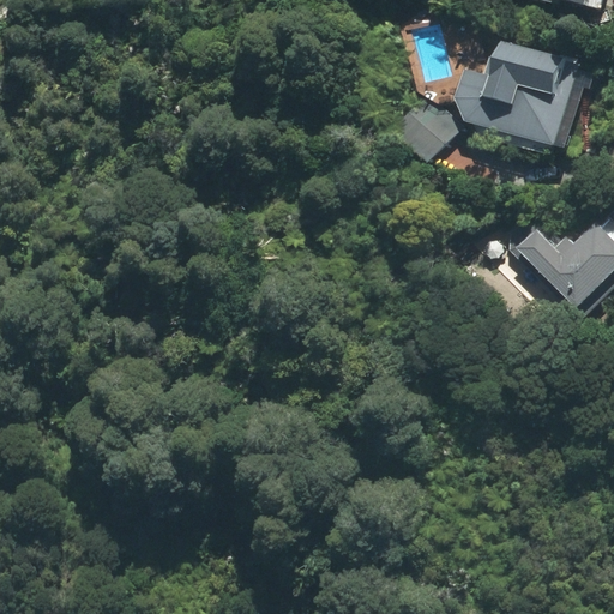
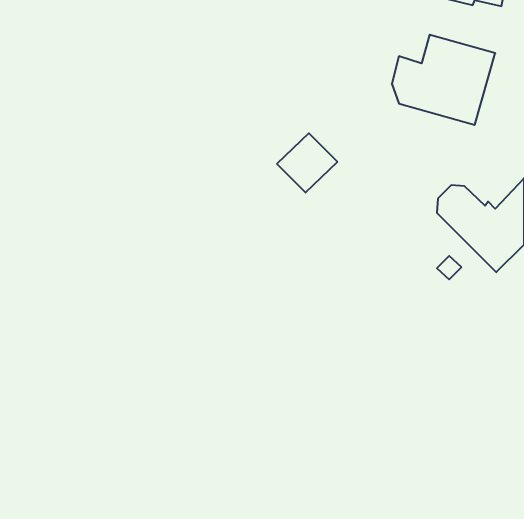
building: [396,94,466,163] -> [277,133,337,193]

